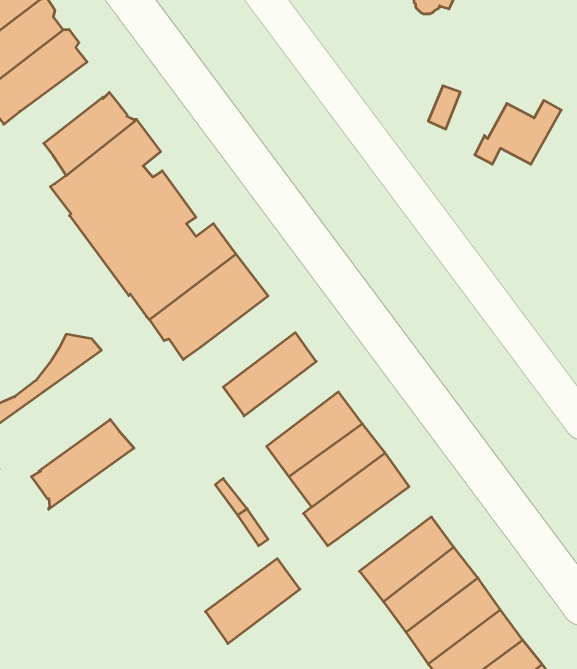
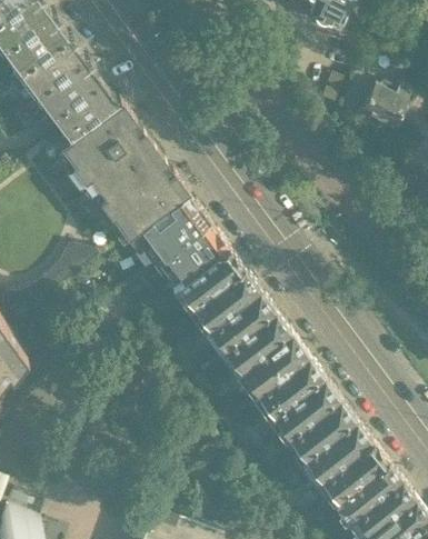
building: none -> [31,63,100,129]
building: none -> [151,226,228,295]
building: none -> [192,271,258,330]
building: [31,419,134,509] -> none
building: [205,559,300,644] -> [257,358,322,417]

